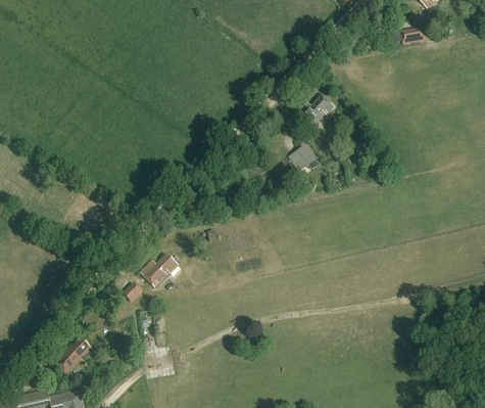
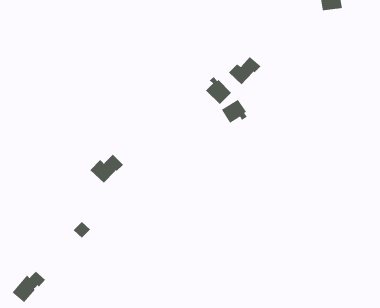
building: none -> [205,76,232,105]
building: [139,253,178,286] -> [89,154,124,184]

